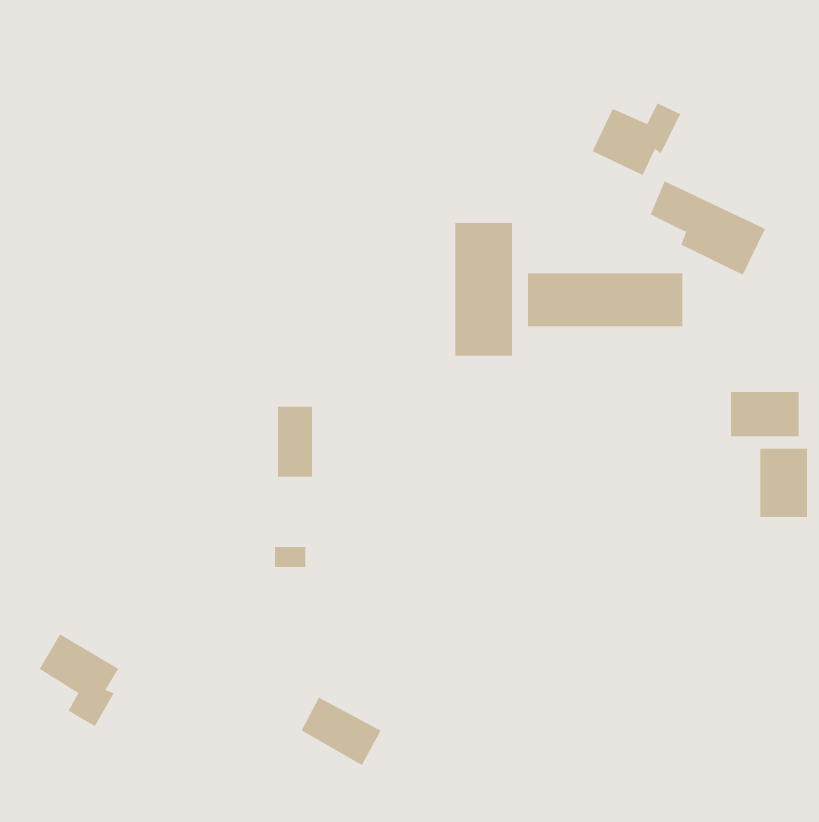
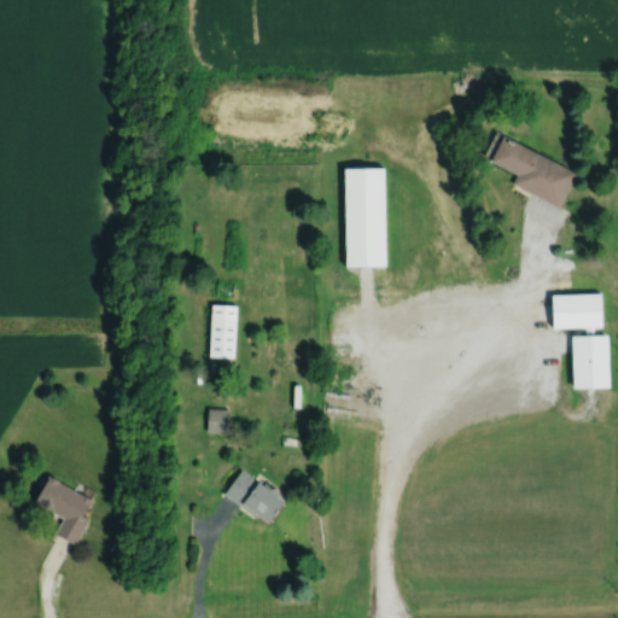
building: [592,102,681,176] -> none
building: [527,273,683,327] -> none
building: [301,697,382,766] -> [225,472,285,524]

